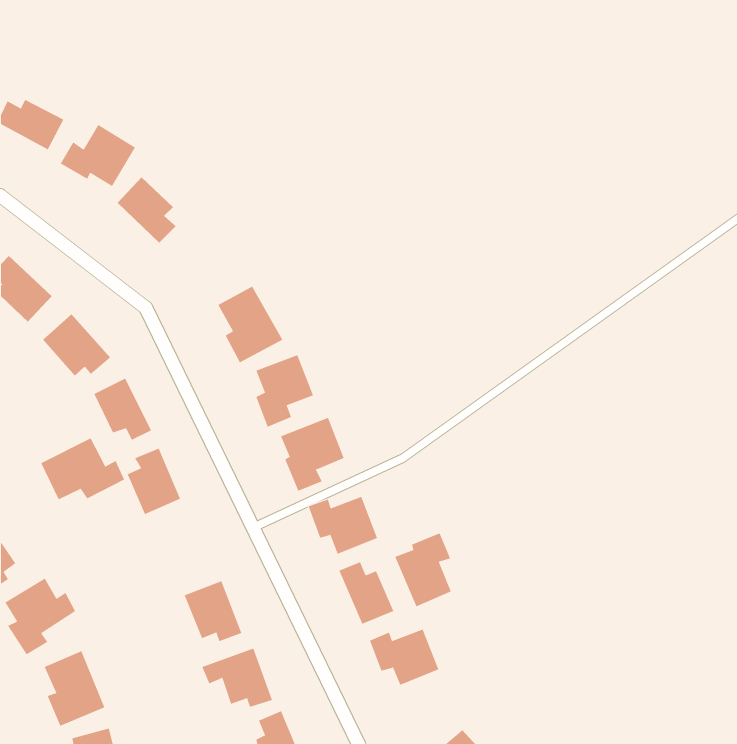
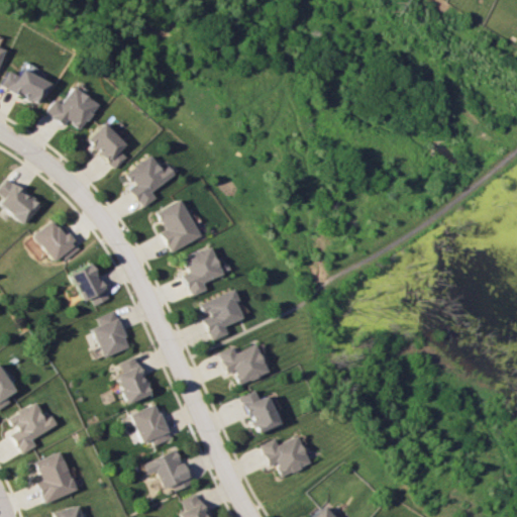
building: none -> [127,154,177,208]
building: [41,438,125,500] -> none
building: none -> [118,356,153,404]
building: [394,533,452,607] -> none

